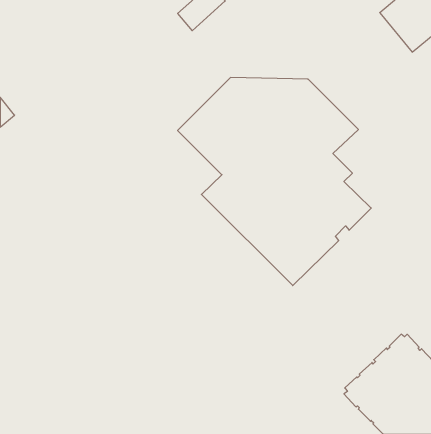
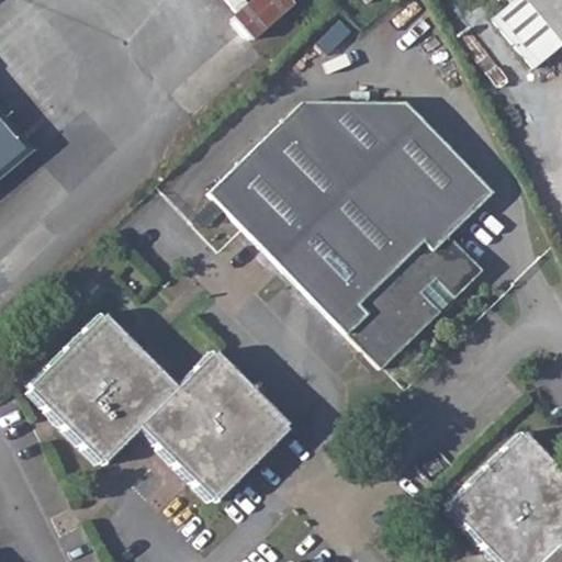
building: none -> [435,167,492,223]
building: none -> [210,168,292,250]
building: none -> [29,313,291,502]

